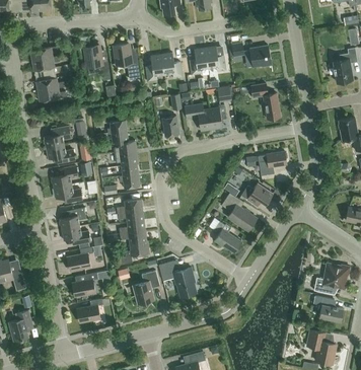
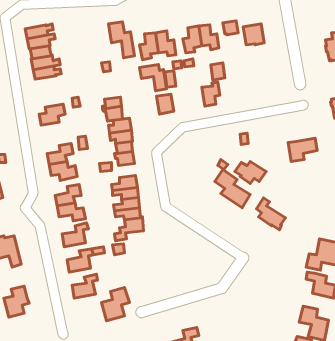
building: [84,45,111,79] -> none
building: [250,82,280,119] -> none
building: [184,103,211,130] -> [139,65,166,91]
building: [46,144,75,163] -> none
building: [258,151,287,174] -> [288,138,317,161]
building: [212,220,241,252] -> [257,198,286,230]
building: [158,258,197,296] -> none
building: [132,270,160,303] -> [101,288,129,321]

